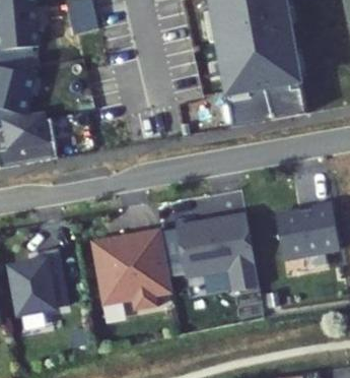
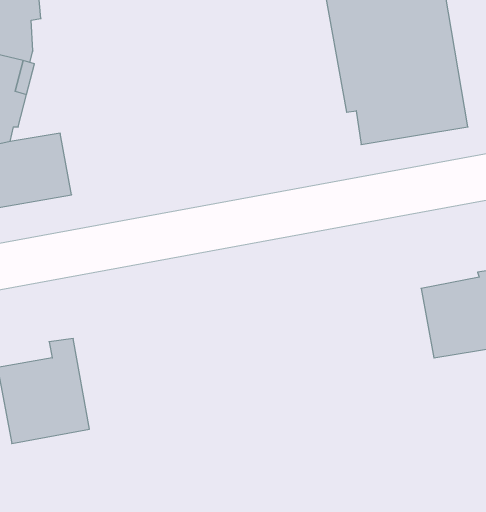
building: [176,212,258,292] -> none
building: [91,228,170,310] -> none

